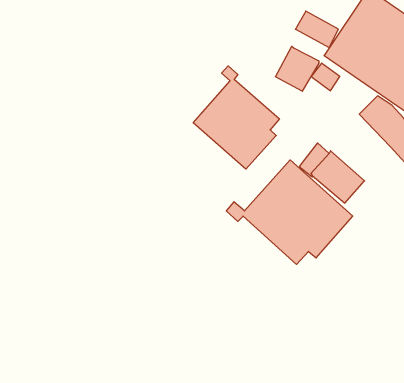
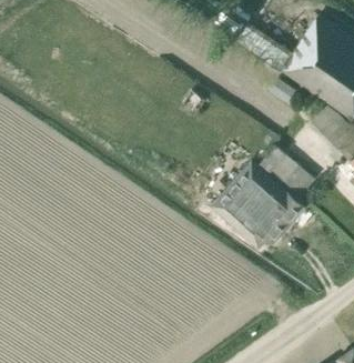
building: [275,46,319,91] -> none
building: [193,66,279,169] -> none

